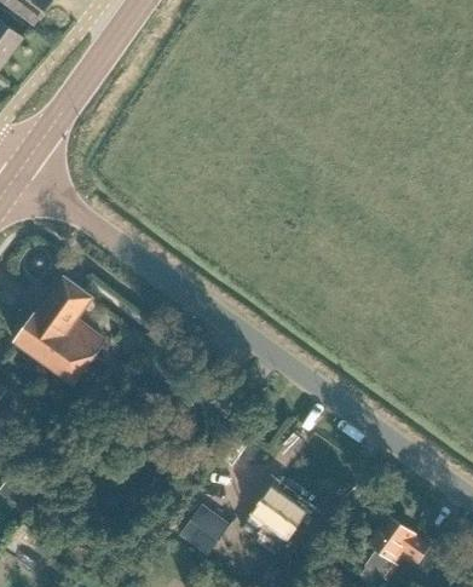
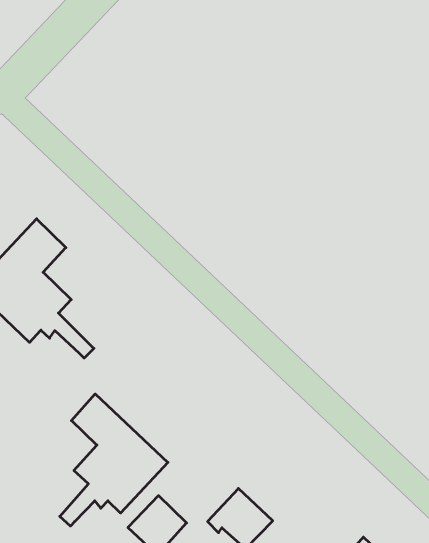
building: none -> [60,394,168,526]

